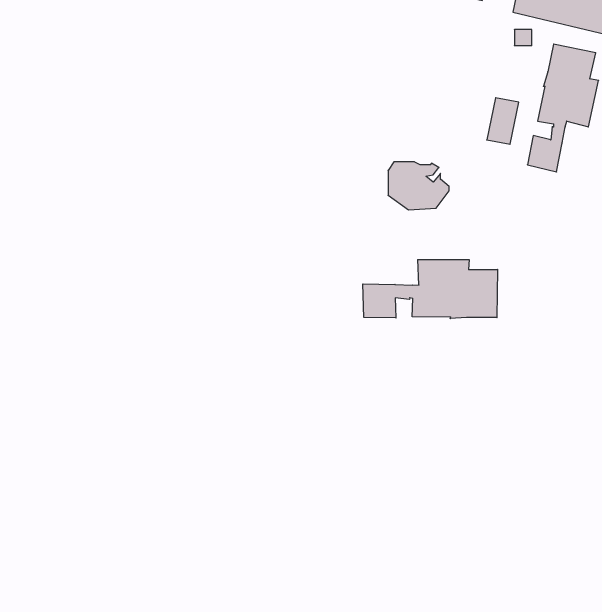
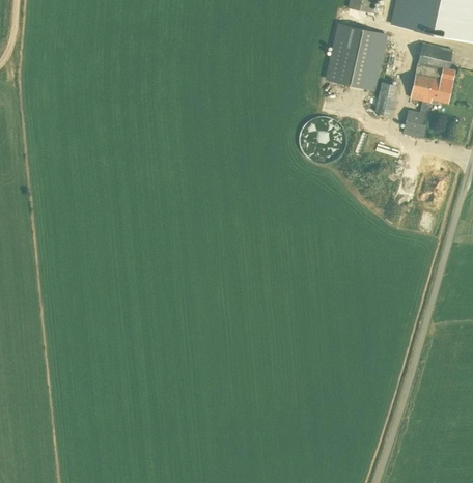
building: none -> [327,23,387,89]
building: [363,260,498,319] -> none

